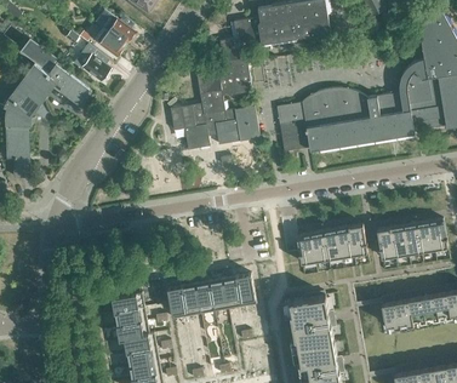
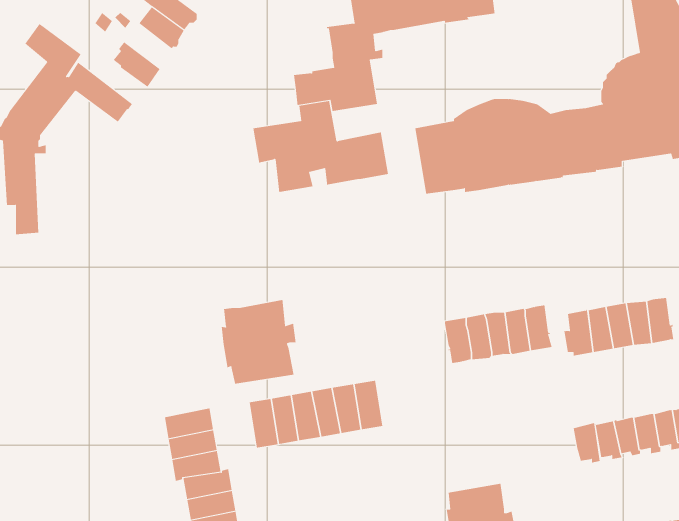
building: none -> [221,299,296,385]
building: [290,293,335,349] -> none

